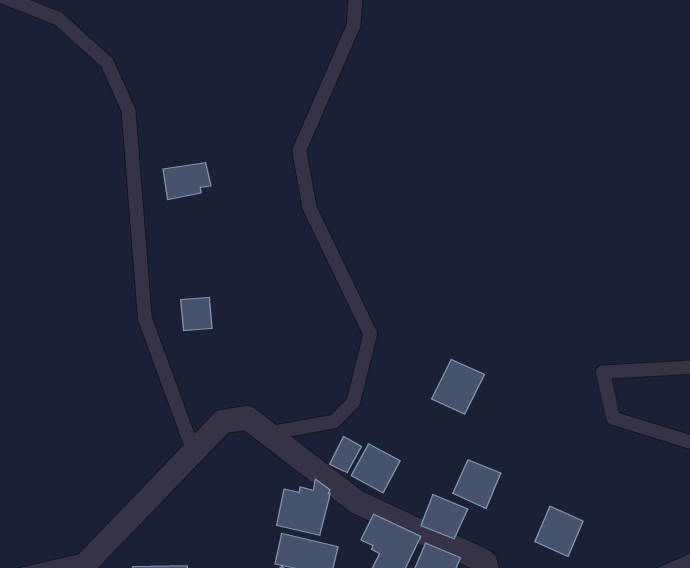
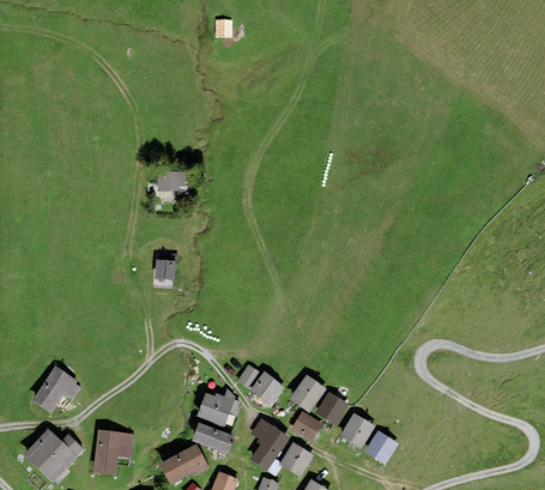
building: [431,359,484,414] -> [289,375,326,412]
building: none -> [32,365,78,413]
building: none -> [339,412,375,448]

